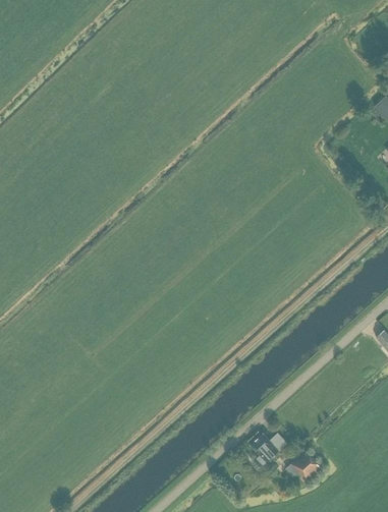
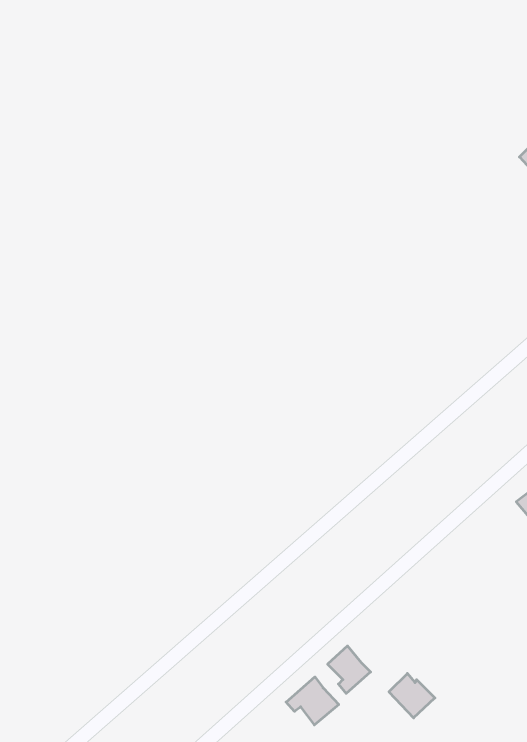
building: none -> [286,677,339,725]

